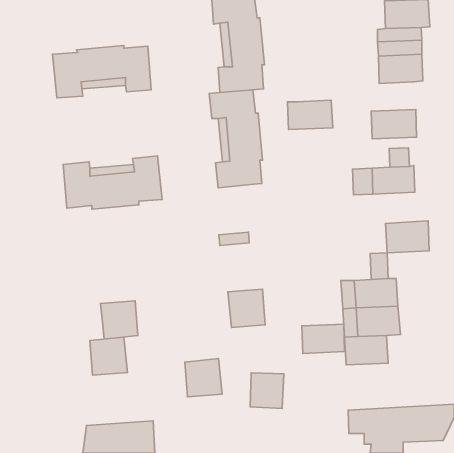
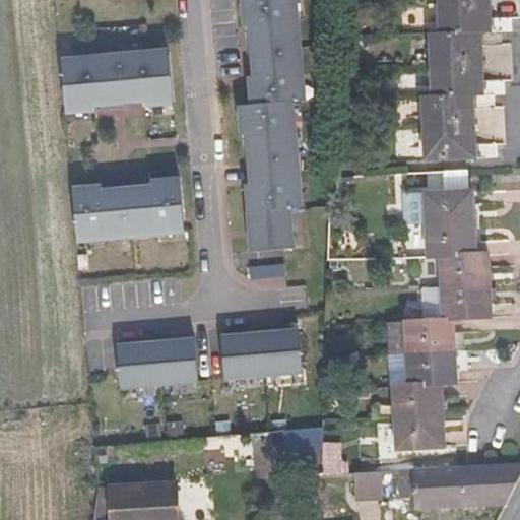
building: [288,100,333,129] -> [422,93,474,127]
building: none -> [249,210,292,253]
building: none -> [426,219,475,255]
building: none -> [442,286,491,318]
building: [302,324,345,353] -> [395,414,444,448]
building: [90,337,127,375] -> [154,339,197,383]
building: [185,358,222,397] -> [221,333,264,377]
building: none -> [352,469,382,499]

